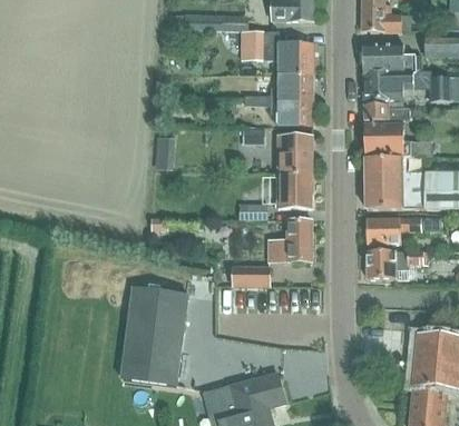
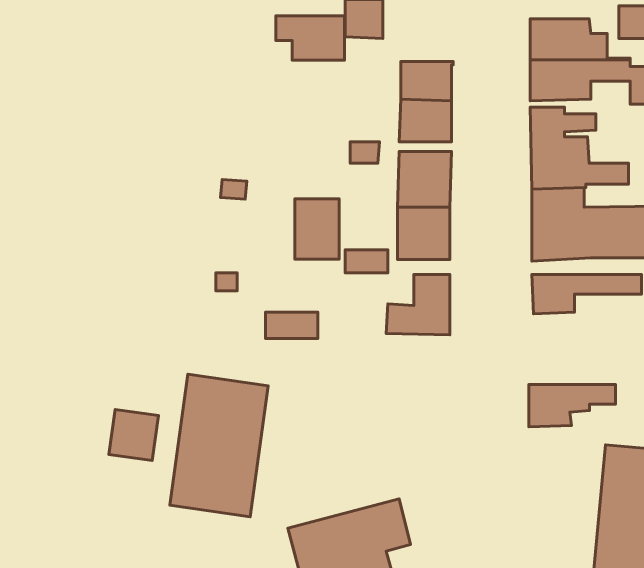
building: [266,43,313,73] -> [276,16,345,60]
building: none -> [295,199,339,259]
building: [368,249,427,278] -> [529,384,616,427]
building: [232,266,267,284] -> [266,312,318,339]
building: none -> [109,410,158,461]

